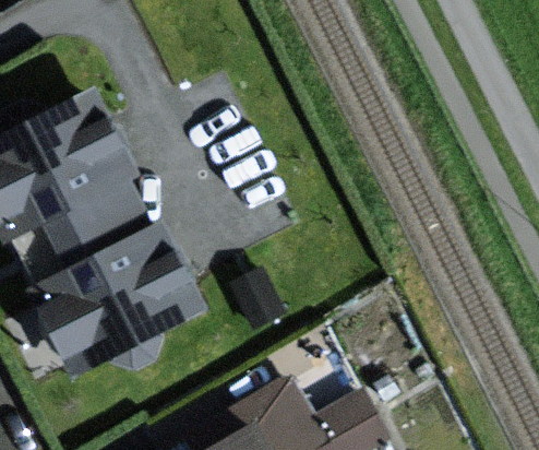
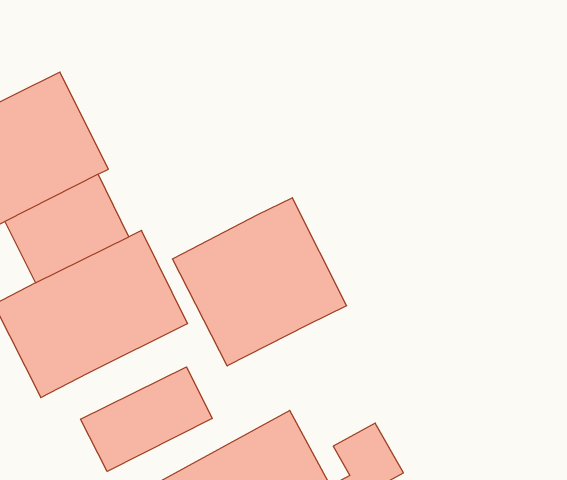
building: none -> [172,198,347,366]
building: none -> [81,367,212,471]

